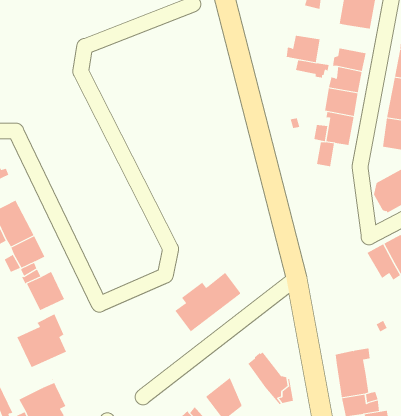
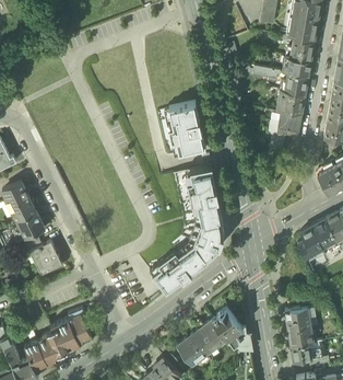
building: [286,35,320,63] -> [286,38,315,61]
building: none -> [168,103,206,153]
building: none -> [188,166,224,260]
building: none -> [298,227,324,263]
building: [17,313,67,368] -> [51,309,93,354]
building: none -> [199,319,227,353]

